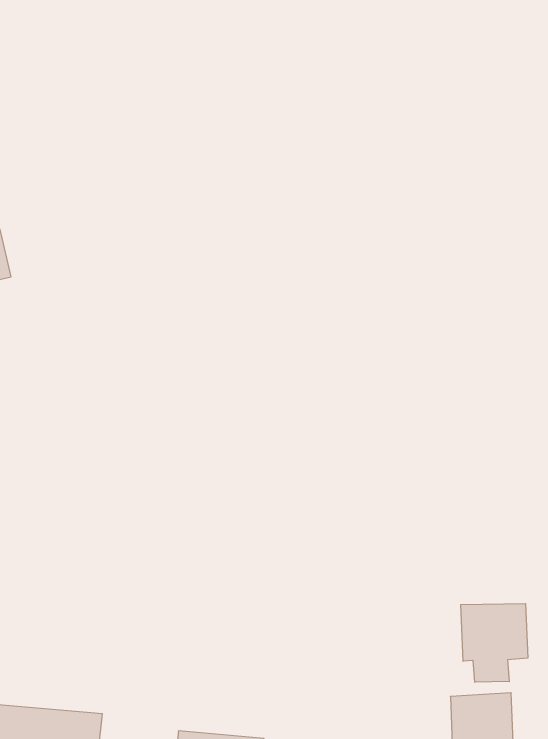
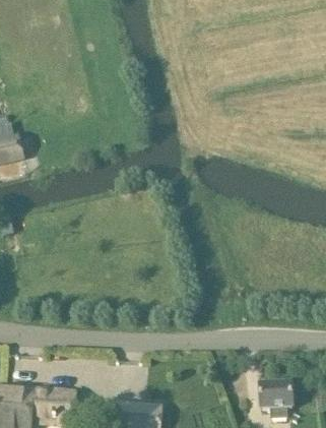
building: [461,604,528,682] -> none

